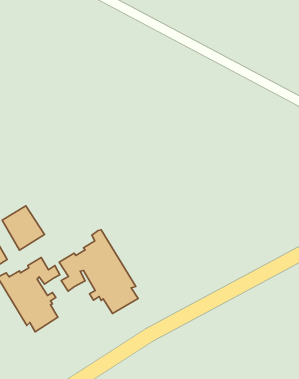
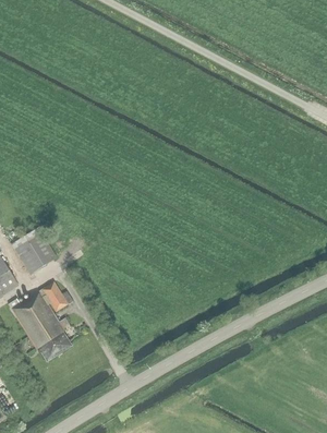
building: [59,230,138,313] -> none

